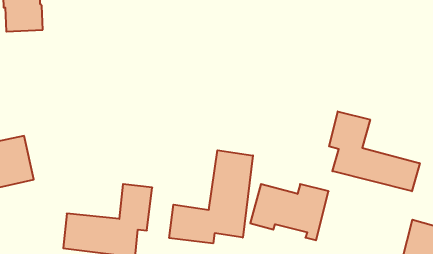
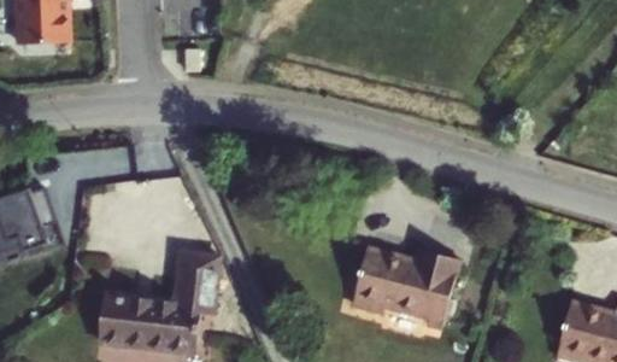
building: [329,111,420,191] -> none
building: [169,150,253,243] -> none

